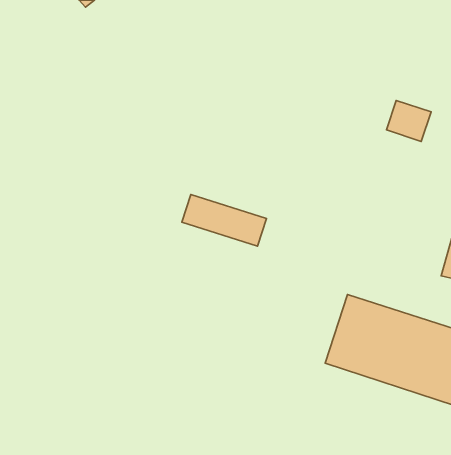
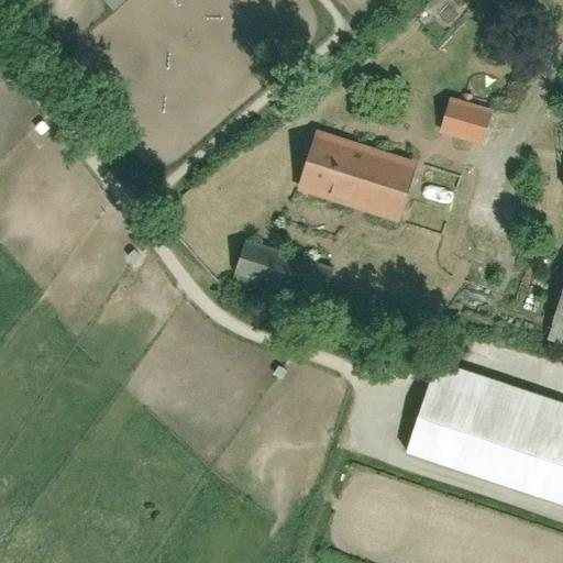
building: [386,100,431,141] -> [435,95,490,145]
building: none -> [307,137,420,218]

